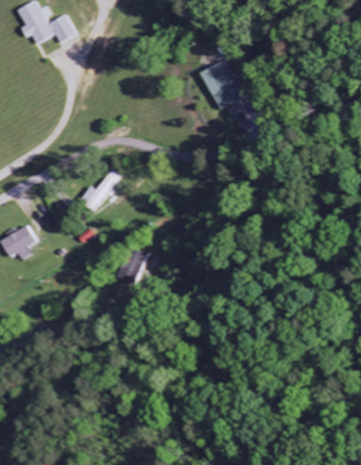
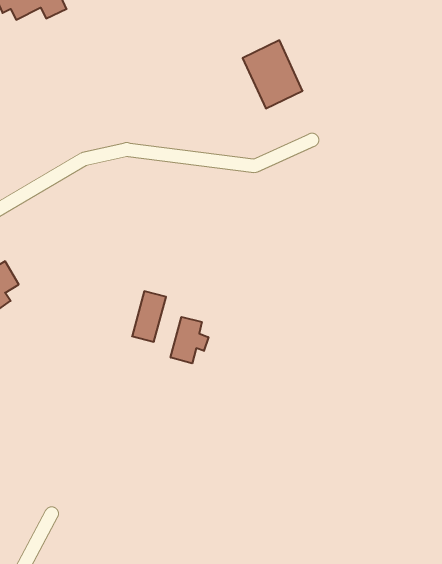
building: [79,169,119,211] -> none
building: none -> [171,317,208,363]

